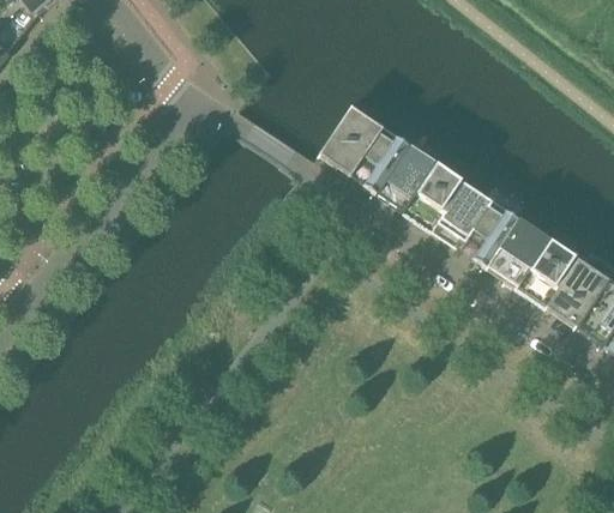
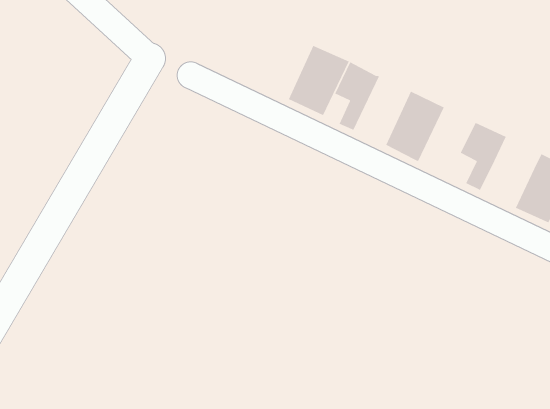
building: [371,139,429,205] -> none
building: [427,177,486,243] -> none
building: [481,213,543,282] -> none

